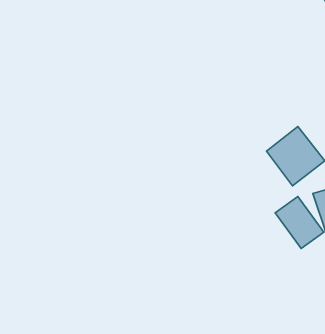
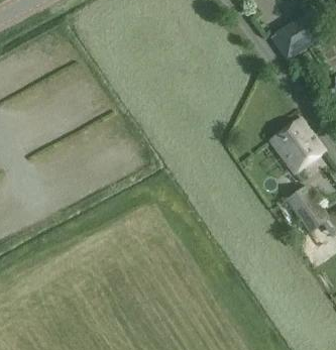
building: none -> [271,12,327,62]

